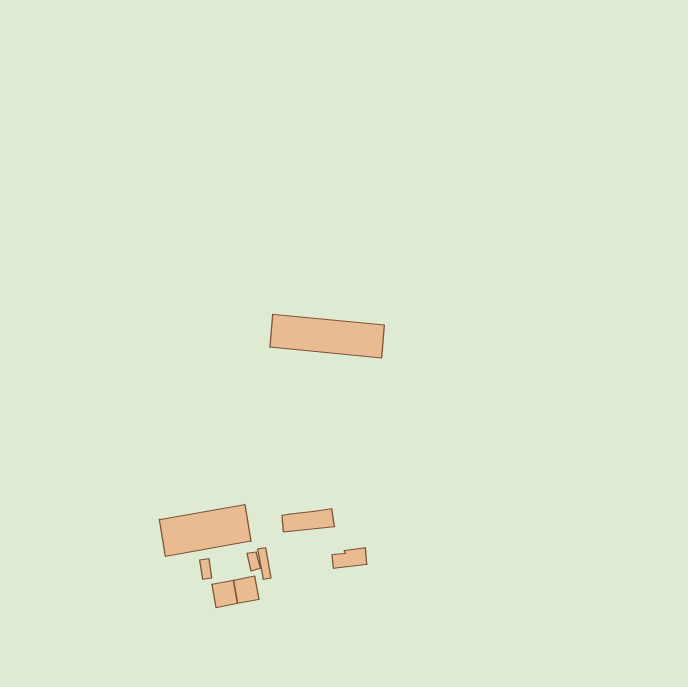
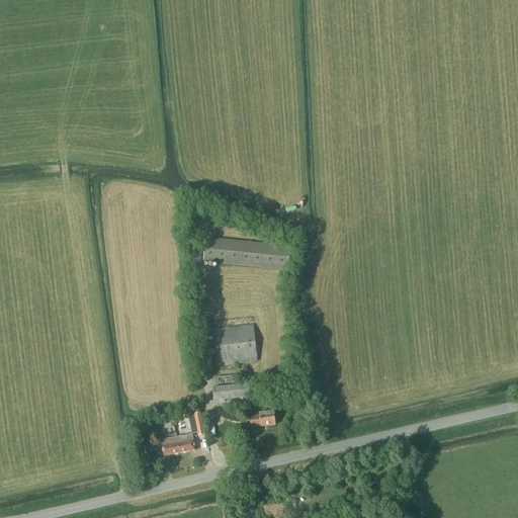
building: none -> [212,323,257,364]
building: [159,504,251,556] -> none

